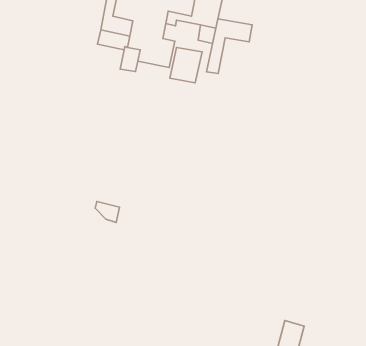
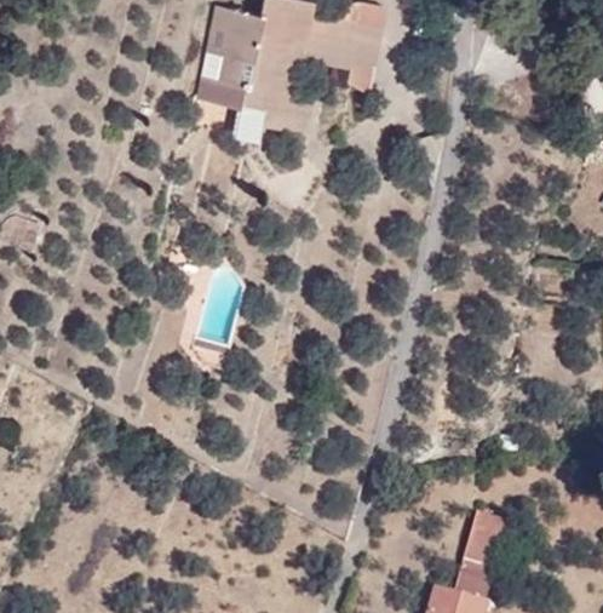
building: [207,19,252,73] -> none
building: [170,48,202,83] -> none

